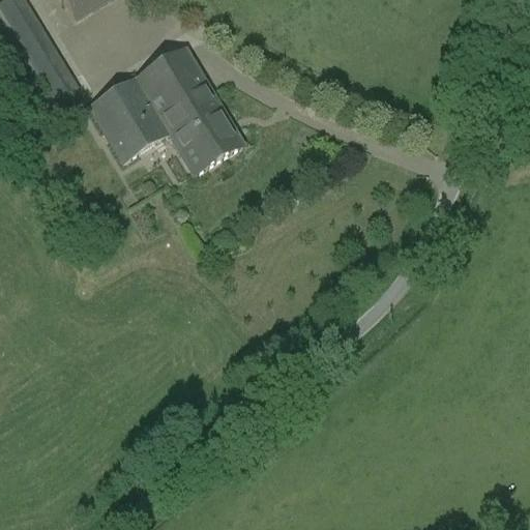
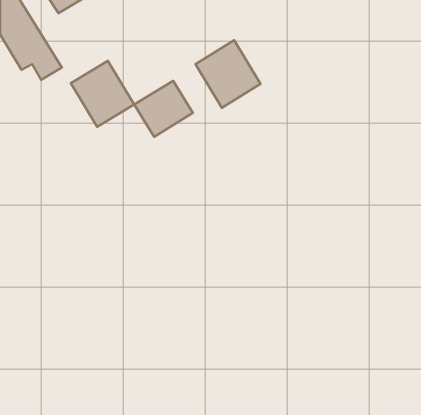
building: [136,47,217,131] -> [196,40,261,108]

